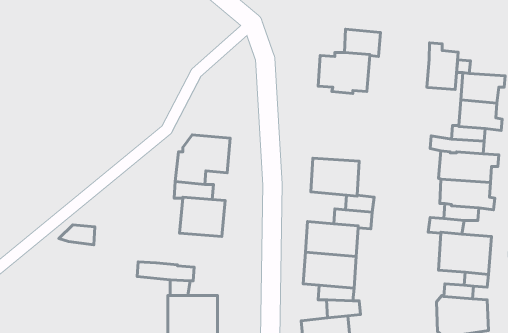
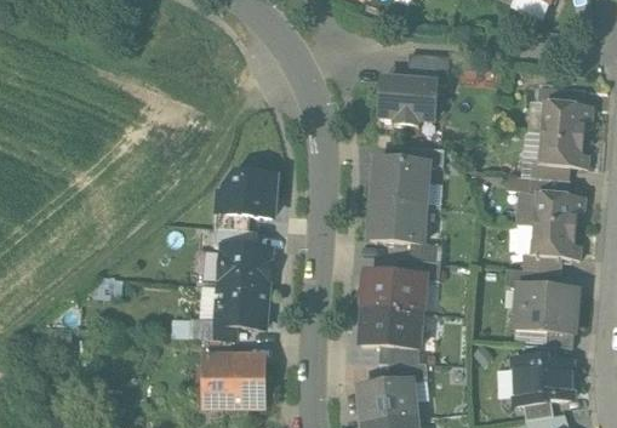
building: [427,43,458,90] -> none
building: none -> [371,145,442,206]
building: none -> [216,286,267,327]

